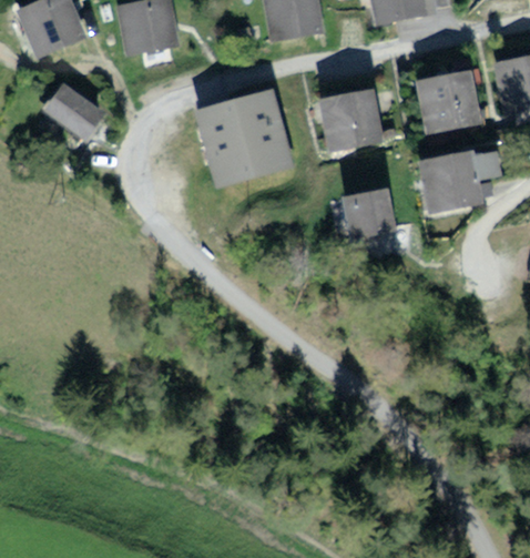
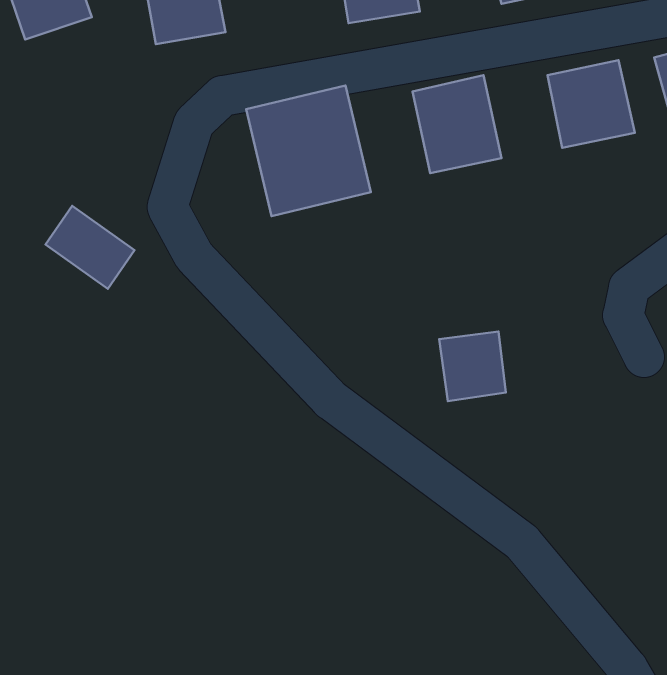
building: [37,75,103,138] -> [46,206,135,289]
building: [425,146,497,211] -> none
building: [338,182,388,234] -> [439,332,506,401]

